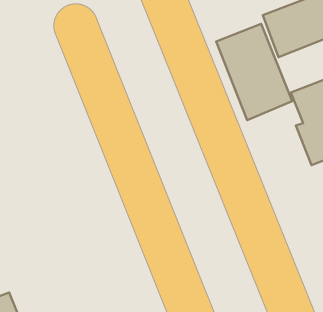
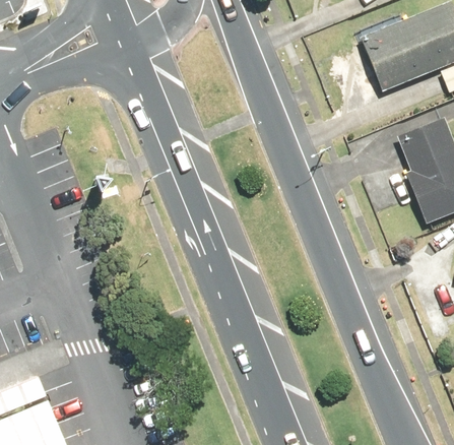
building: [216,24,292,120] -> none

